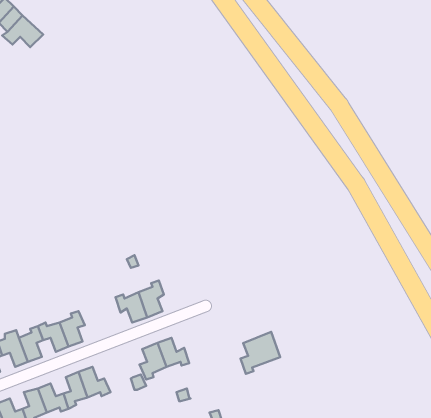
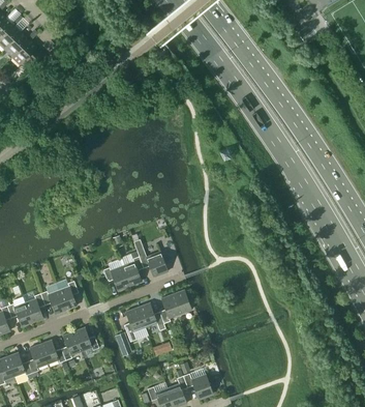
building: none -> [133,239,168,277]
building: [241,332,280,374] -> [159,289,191,323]

